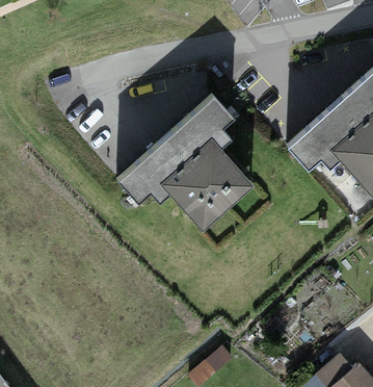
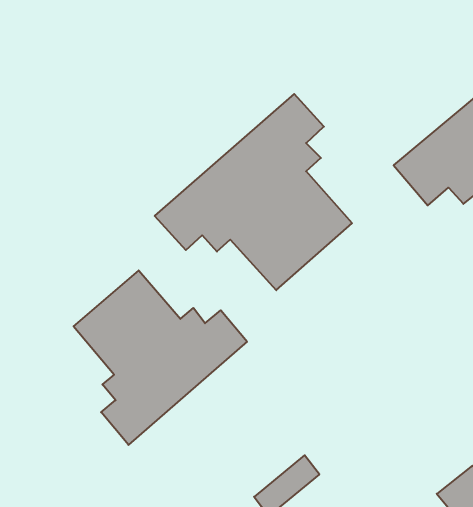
building: none -> [74,270,247,445]

